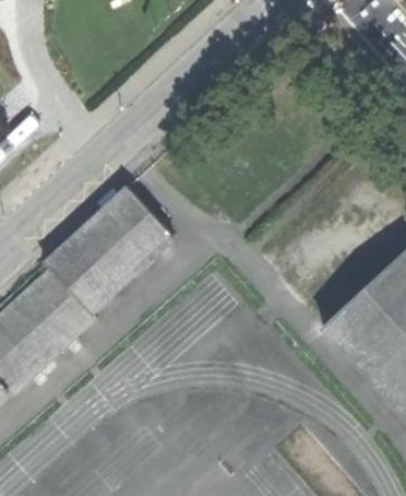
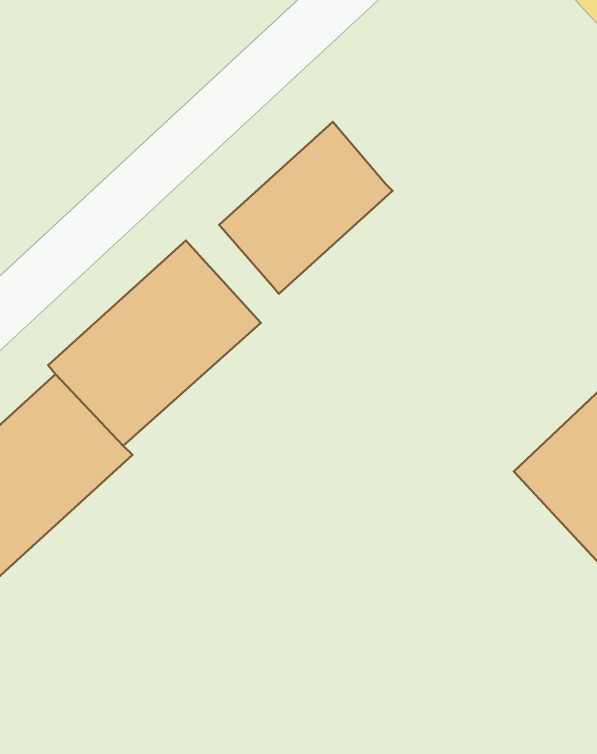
building: none -> [219,122,393,294]

